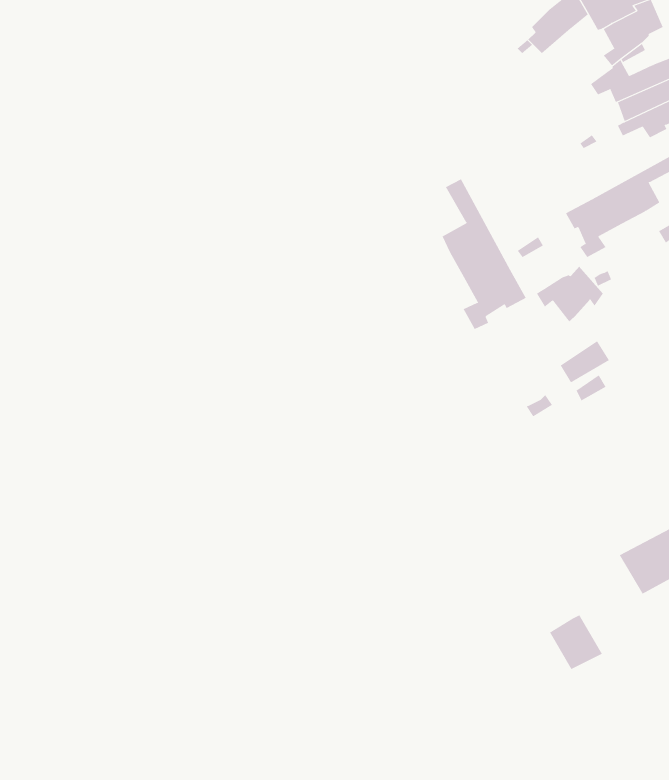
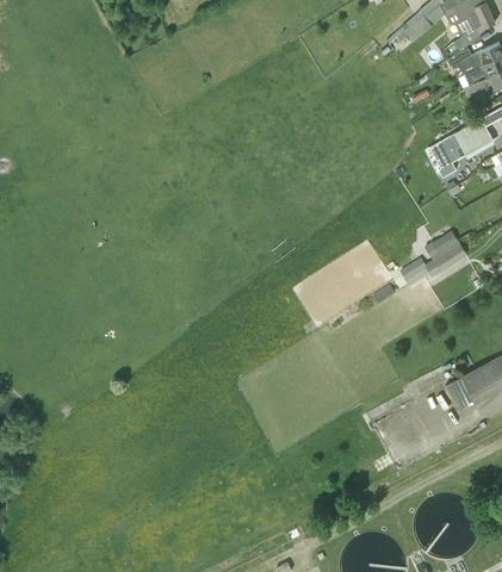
building: [442,178,527,330] -> none
building: [536,266,603,322] -> none
building: [549,614,603,670] -> [445,374,481,411]

